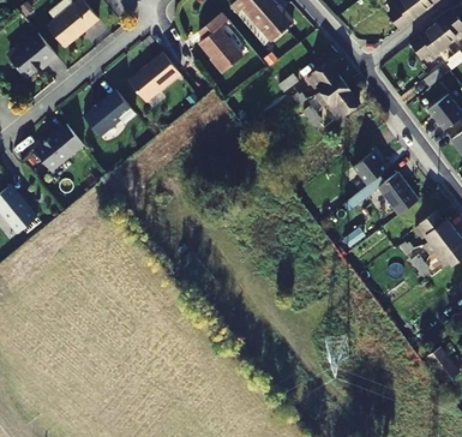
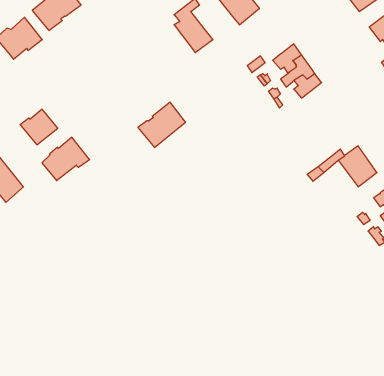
building: [127,52,179,101] -> [138,102,186,148]
building: [83,89,134,136] -> [42,137,90,181]
building: [353,151,388,185] -> none

